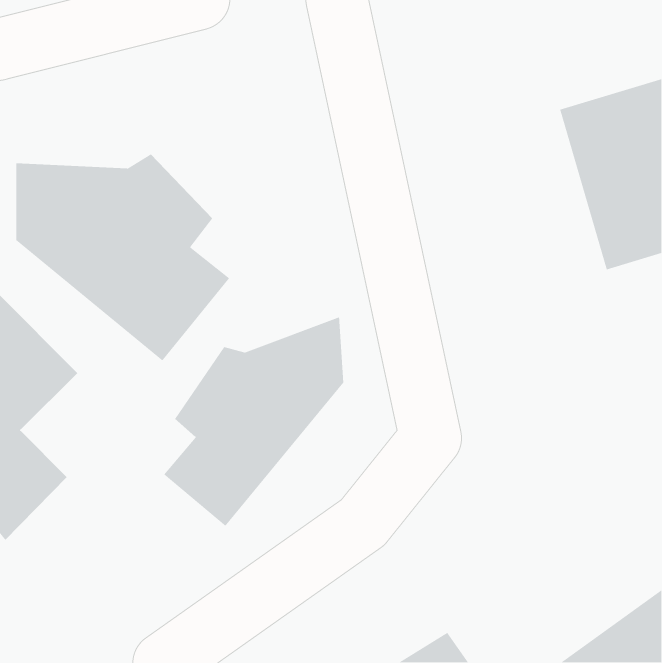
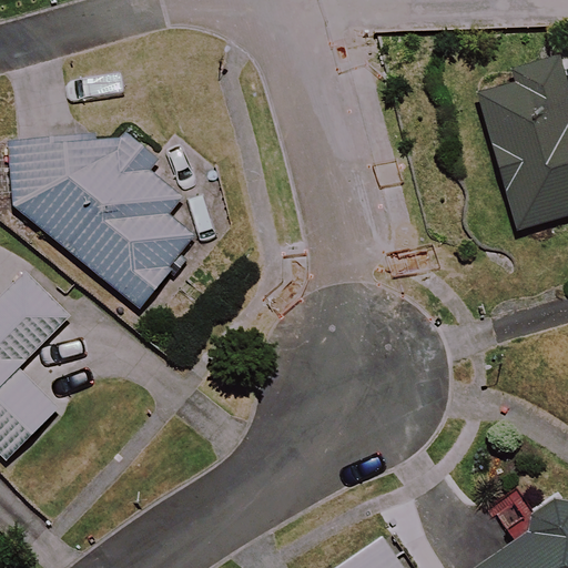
building: [163,316,344,527] -> none

